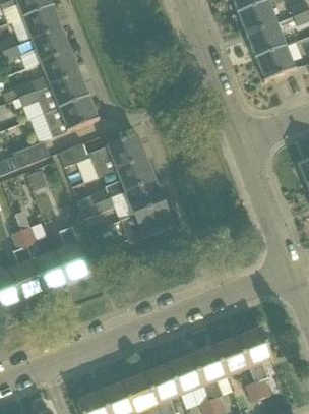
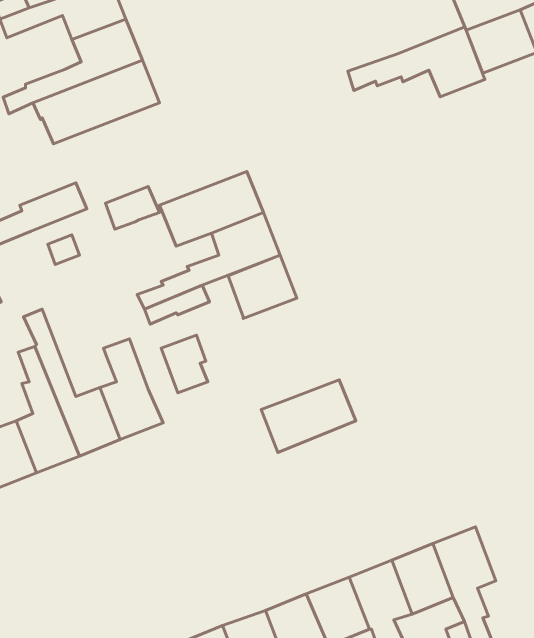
building: none -> [348,27,485,97]
building: [44,97,98,137] -> none
building: [121,203,173,243] -> [261,380,356,452]

